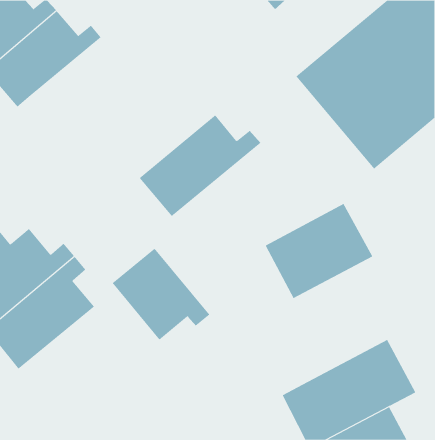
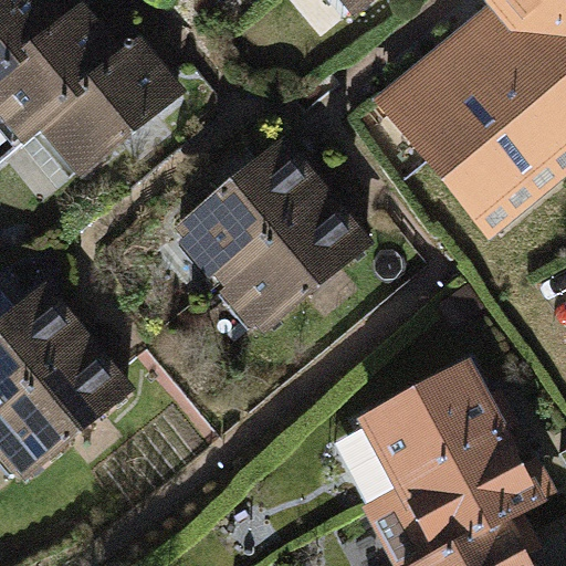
building: none -> [38,34,171,174]
building: none -> [220,184,359,329]
building: [265,203,373,299] -> [358,367,497,490]
building: [112,248,210,340] -> none

